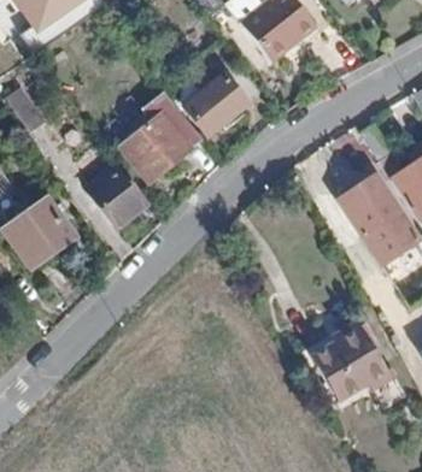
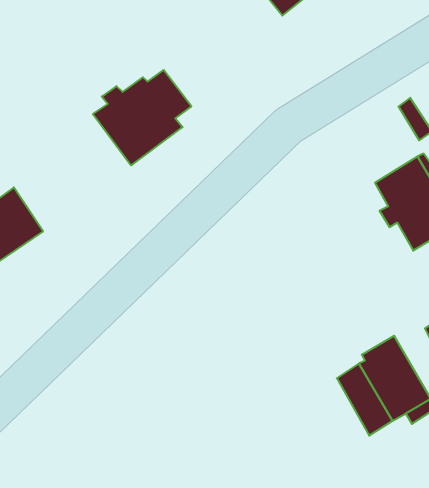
building: [183,72,250,135] -> none
building: [88,166,148,229] -> none

